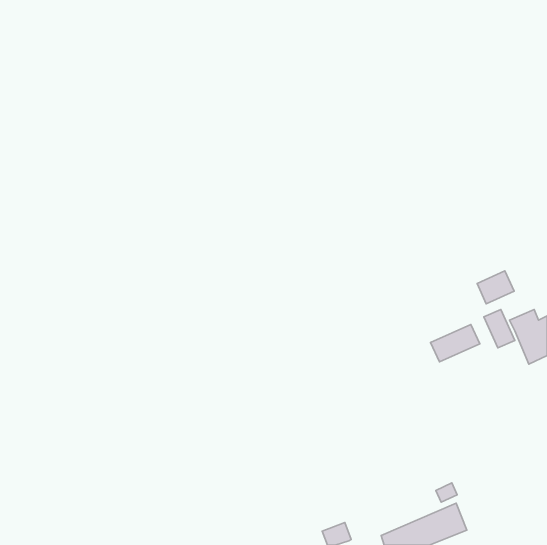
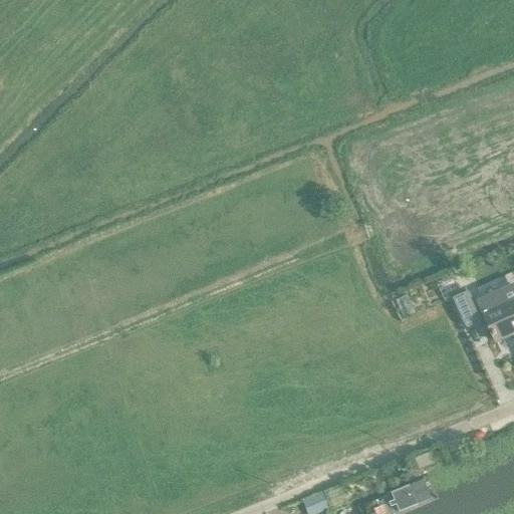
building: [477,271,514,304] -> none
building: [431,324,480,362] -> none

